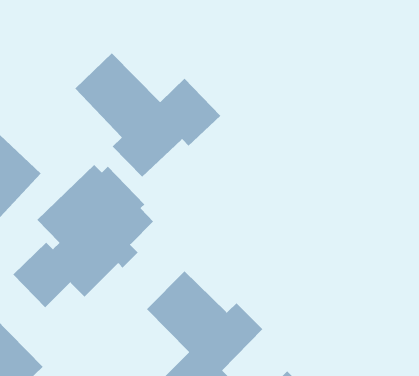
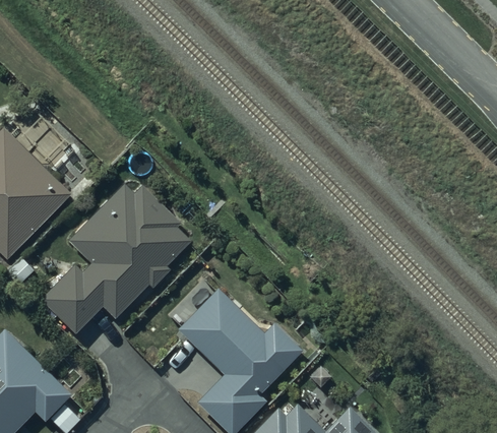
building: [75,52,221,178] -> none

